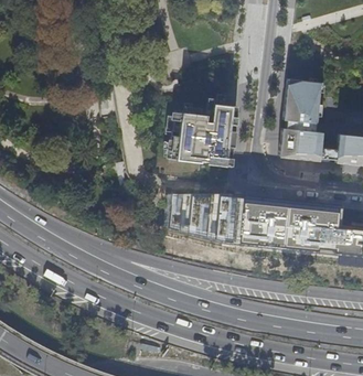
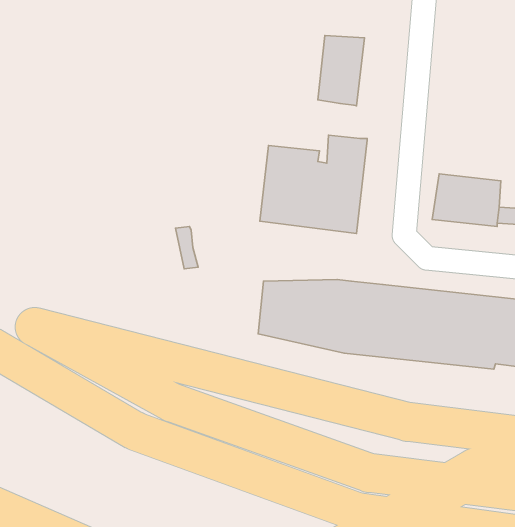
building: none -> [318,36,364,106]
building: [285,79,323,123] -> none

